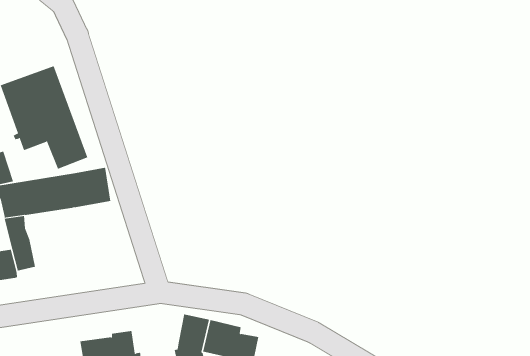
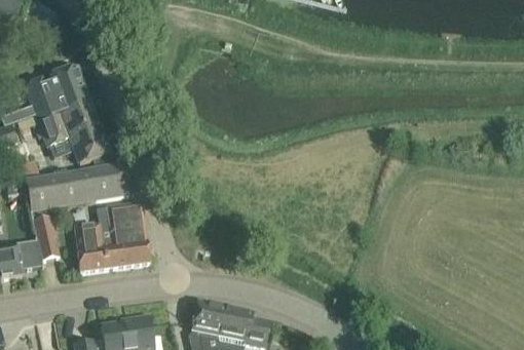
building: none -> [73,201,150,272]

